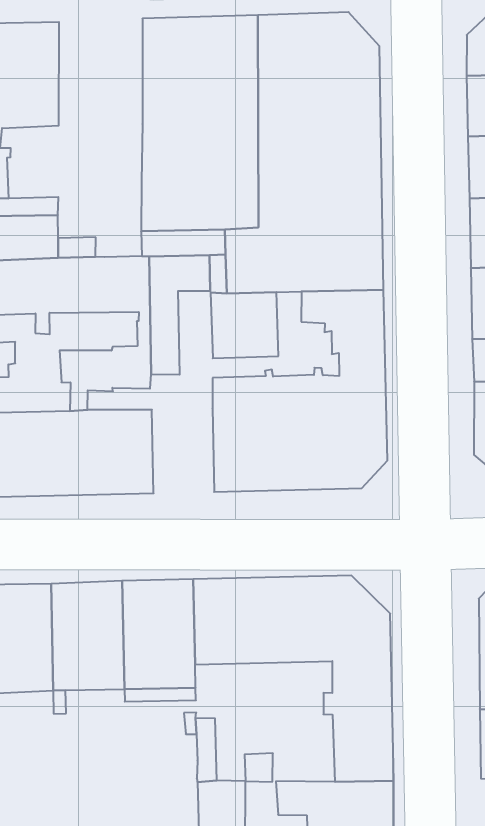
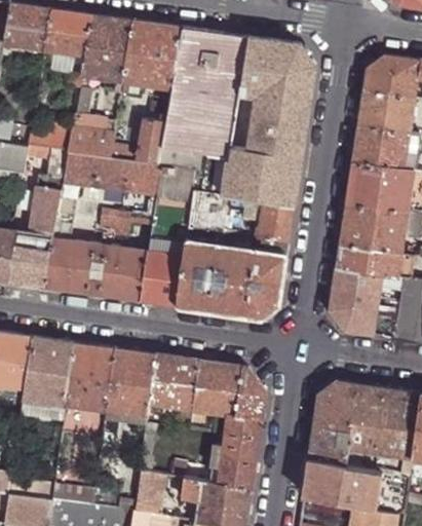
building: none -> [123,21,182,87]
building: none -> [137,117,165,163]
building: none -> [142,253,184,306]

